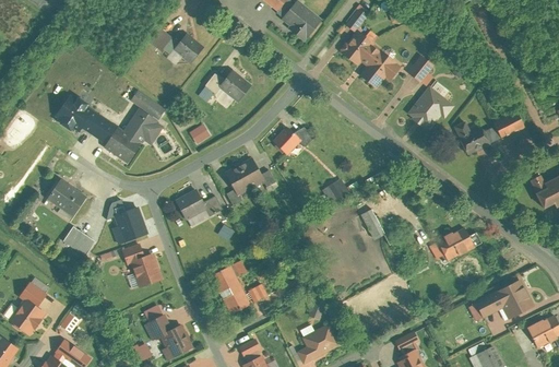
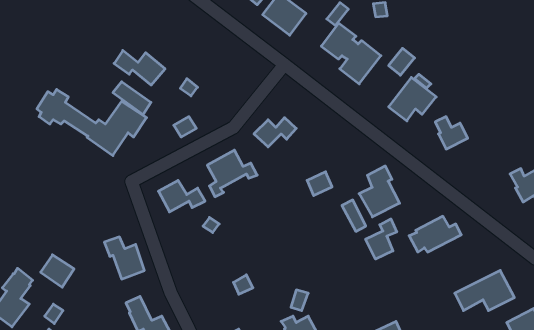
building: [154,28,205,63] -> [114,50,165,85]
building: [217,69,250,102] -> none
building: [480,110,523,145] -> none
building: none -> [359,166,400,217]
building: [46,178,87,217] -> none
building: [117,209,146,240] -> none
building: [60,226,94,259] -> [41,255,74,287]
building: none -> [366,219,397,259]
building: [207,260,252,316] -> none

